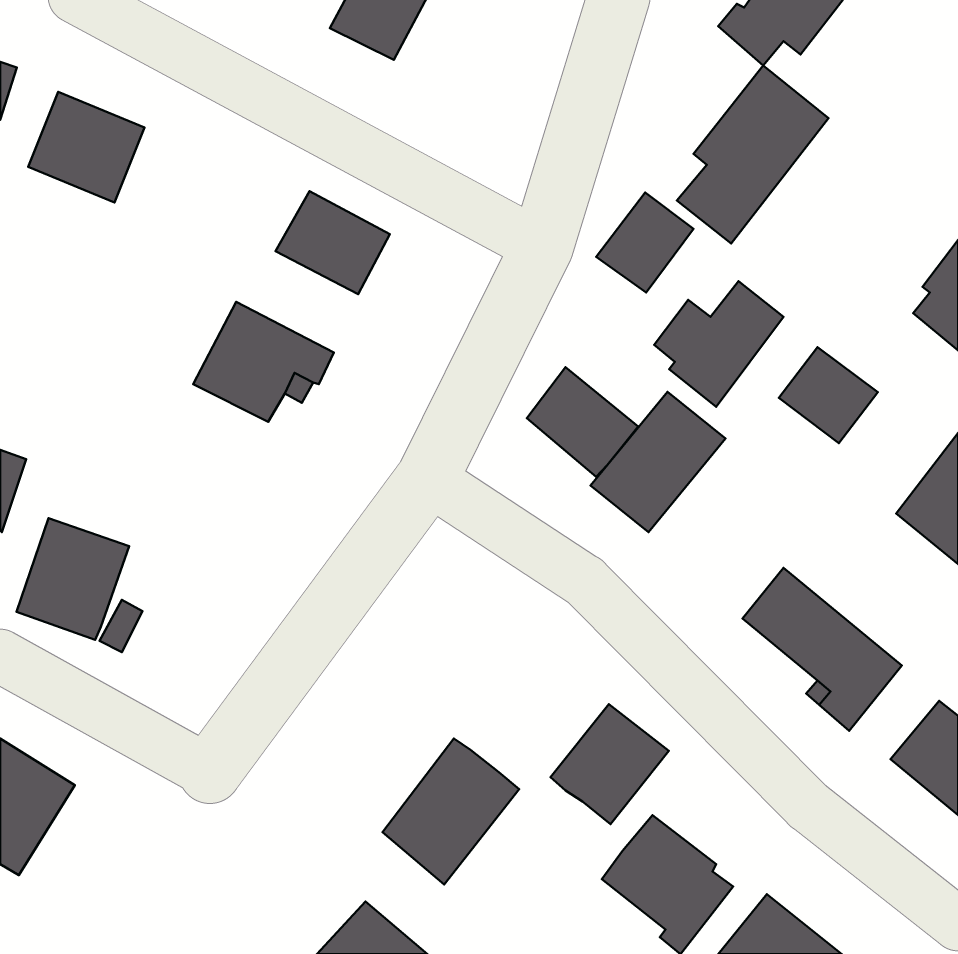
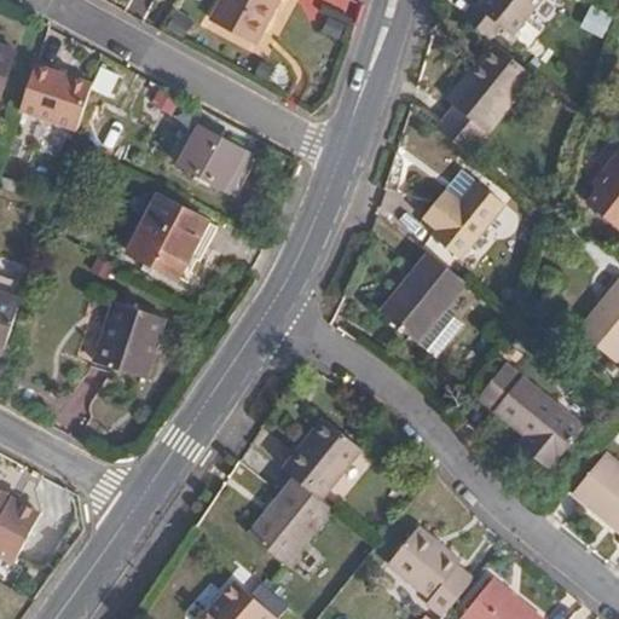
building: [596,192,694,292] -> none
building: [779,347,878,443] -> none
building: [527,367,638,477] -> none
building: [17,518,129,640] -> [93,297,166,376]
building: [551,704,669,824] -> [283,421,359,498]

